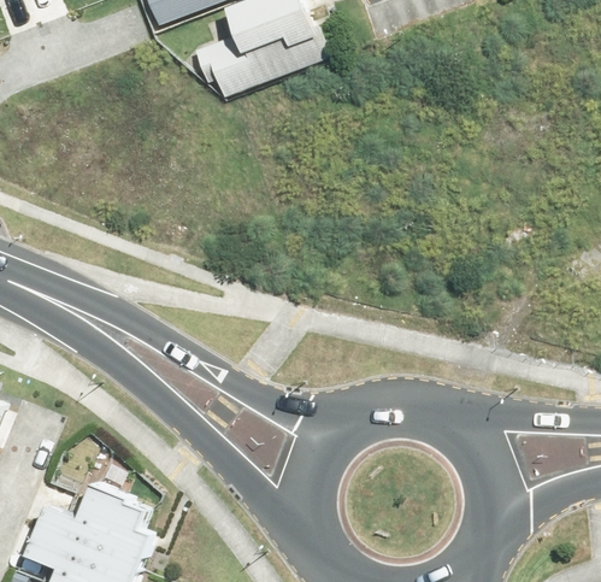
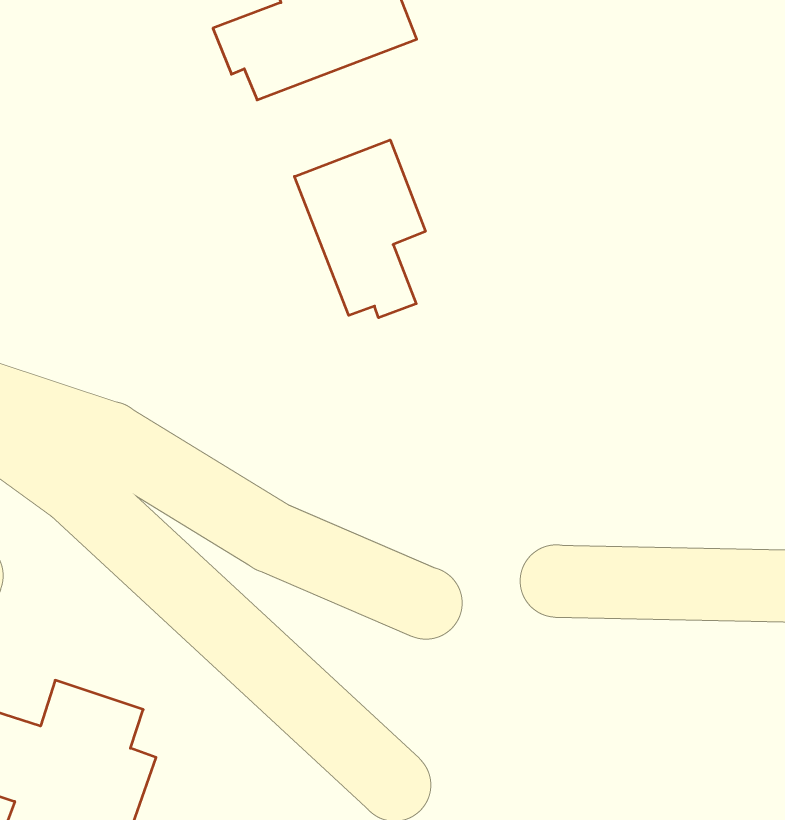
building: none -> [294,140,425,318]

